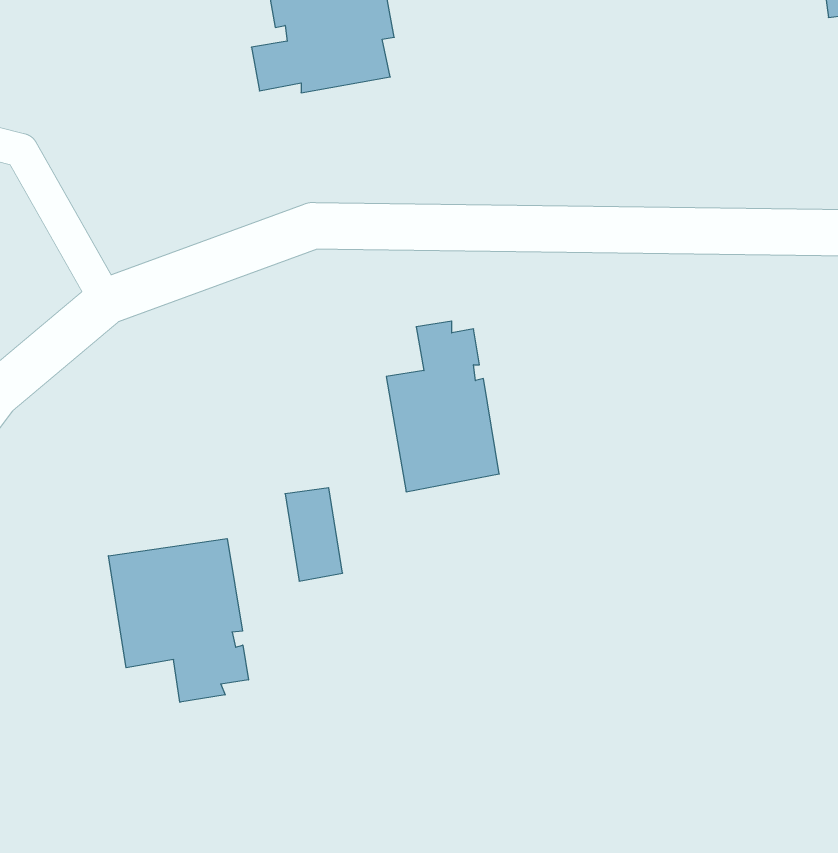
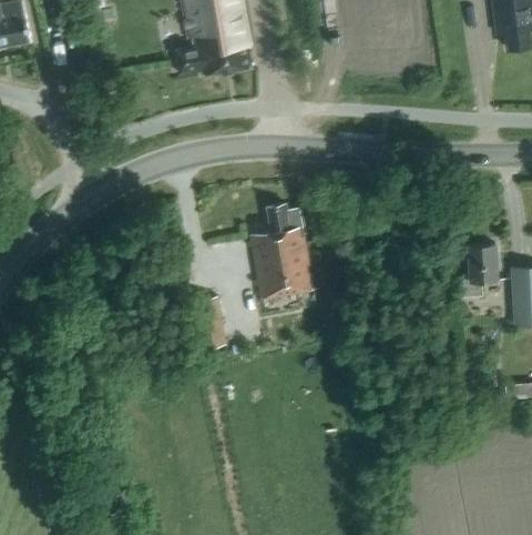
building: none -> [462,242,497,295]
building: [108,539,248,702] -> none

